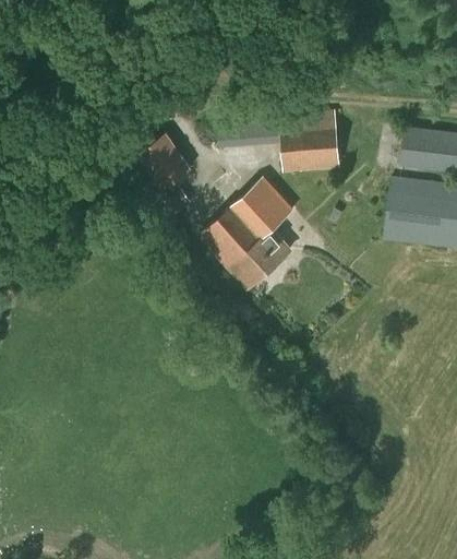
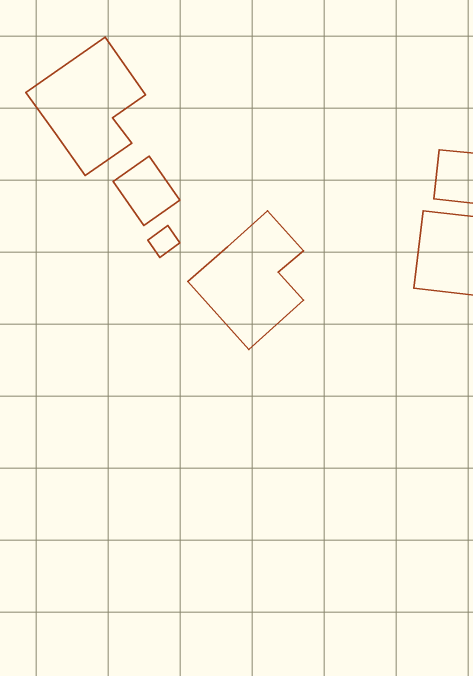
building: none -> [26,37,145,176]
building: [217,111,339,175] -> none

